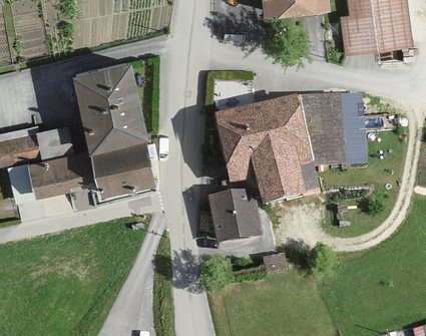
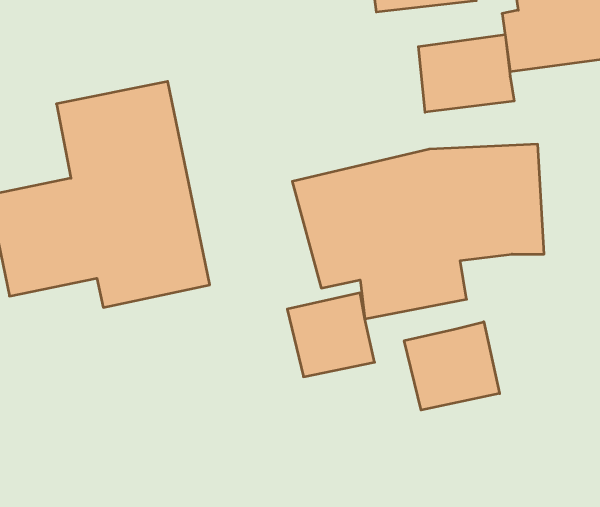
building: none -> [418,34,514,112]
building: none -> [404,322,500,410]

